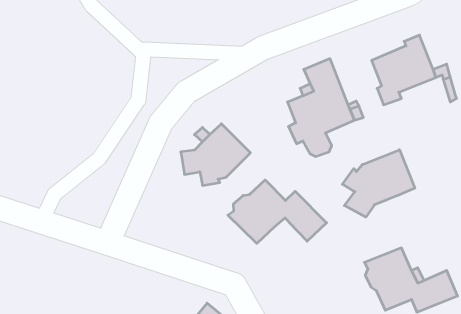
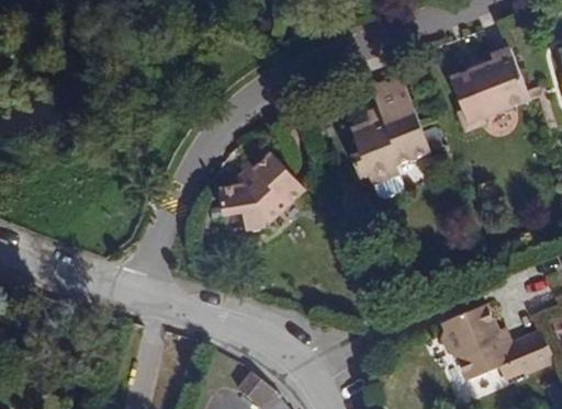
building: [342,150,415,217] -> none
building: [228,180,327,243] -> none

